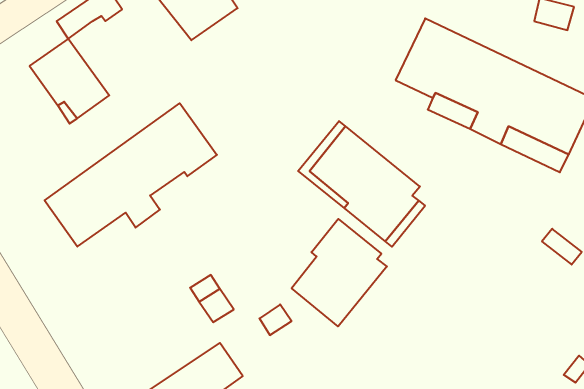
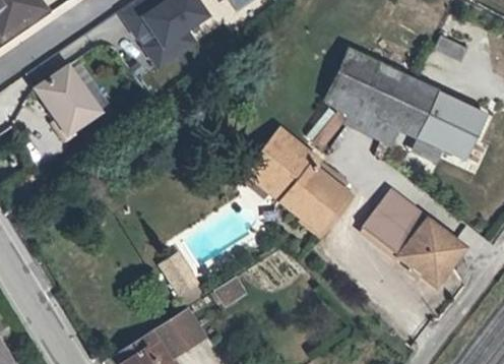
building: [45,103,217,247] -> none
building: none -> [365,194,463,285]
building: [292,219,387,326] -> none

